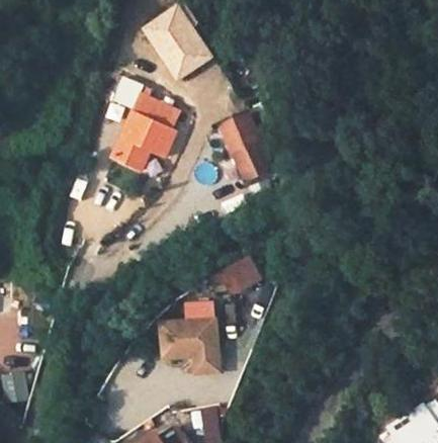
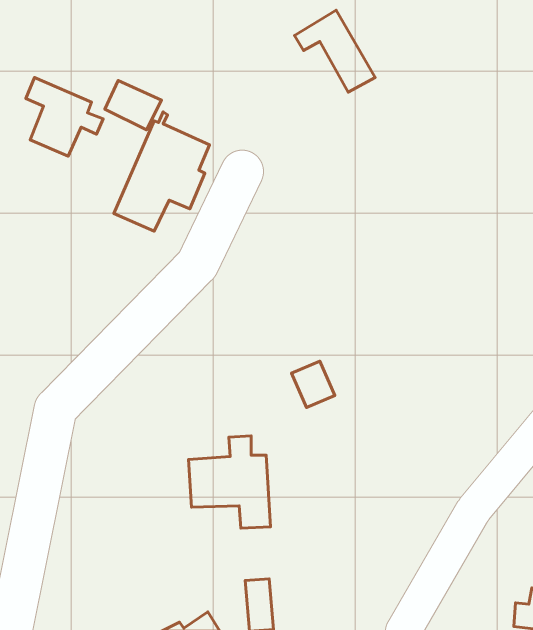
building: [150,17,204,73] -> [294,10,375,92]
building: none -> [26,78,103,156]
building: [225,125,270,181] -> none

